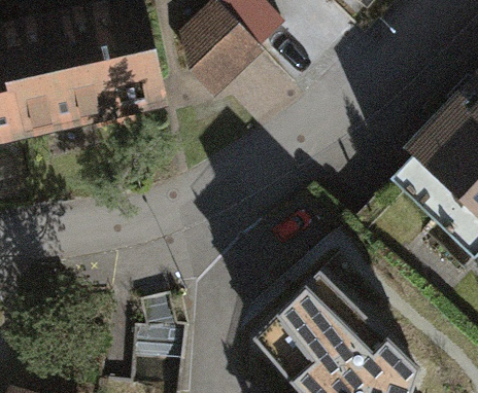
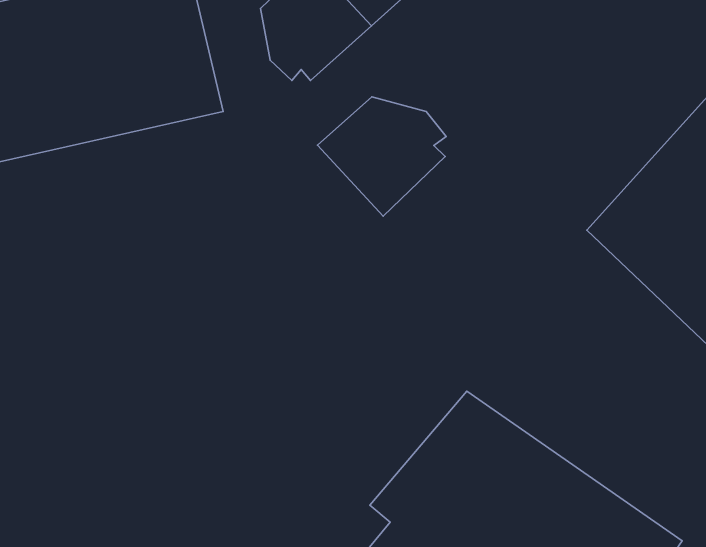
building: none -> [317,97,446,216]

